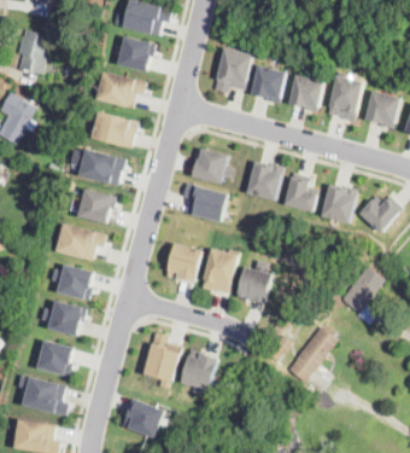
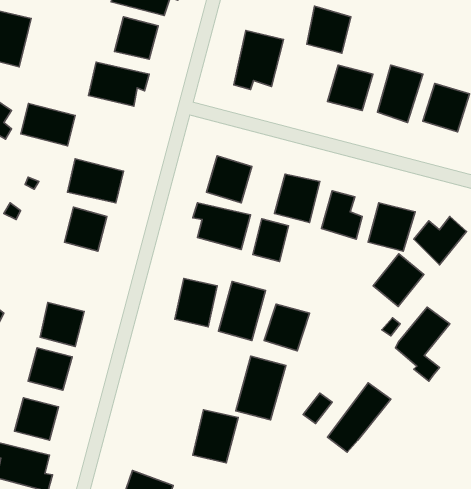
building: [251,63,286,100] -> [307,6,351,53]
building: [93,112,136,146] -> [21,103,75,146]
building: none -> [253,219,288,261]
building: [58,223,106,259] -> none
building: none -> [373,254,424,307]
building: [142,335,182,385] -> [236,356,286,420]

